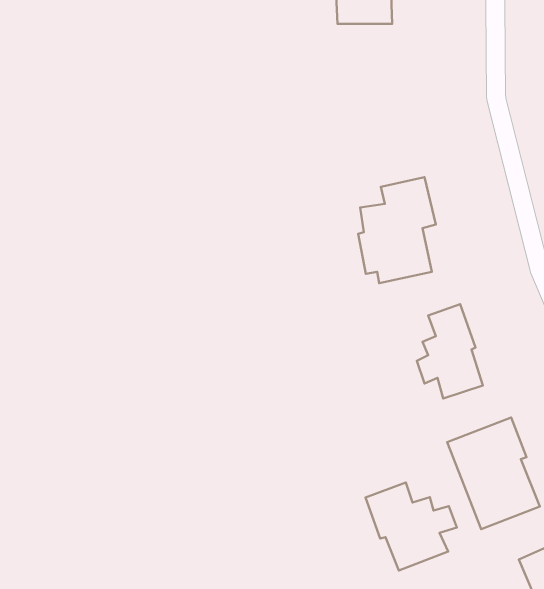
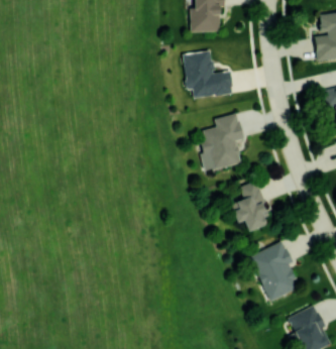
building: none -> [184,50,233,98]
building: [365,483,457,570] -> none

